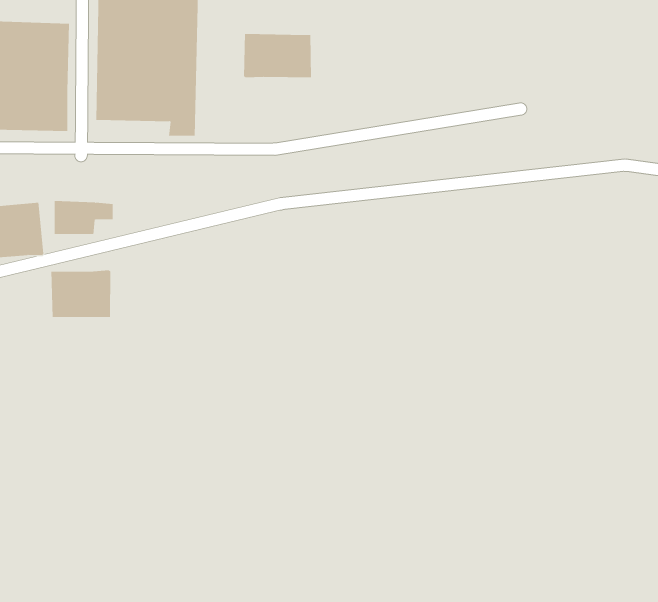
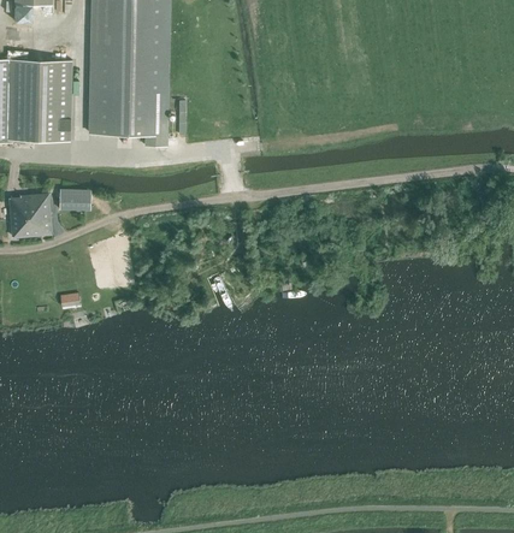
building: [243,33,312,78] -> none
building: [51,270,111,318] -> none

